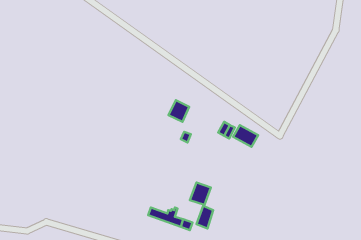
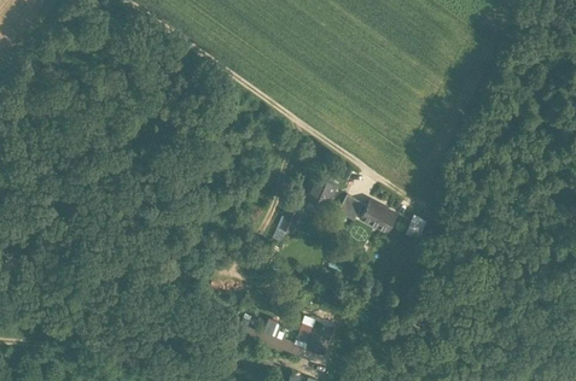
building: [168,100,189,122] -> [307,176,337,207]
building: [190,182,211,205] -> none

